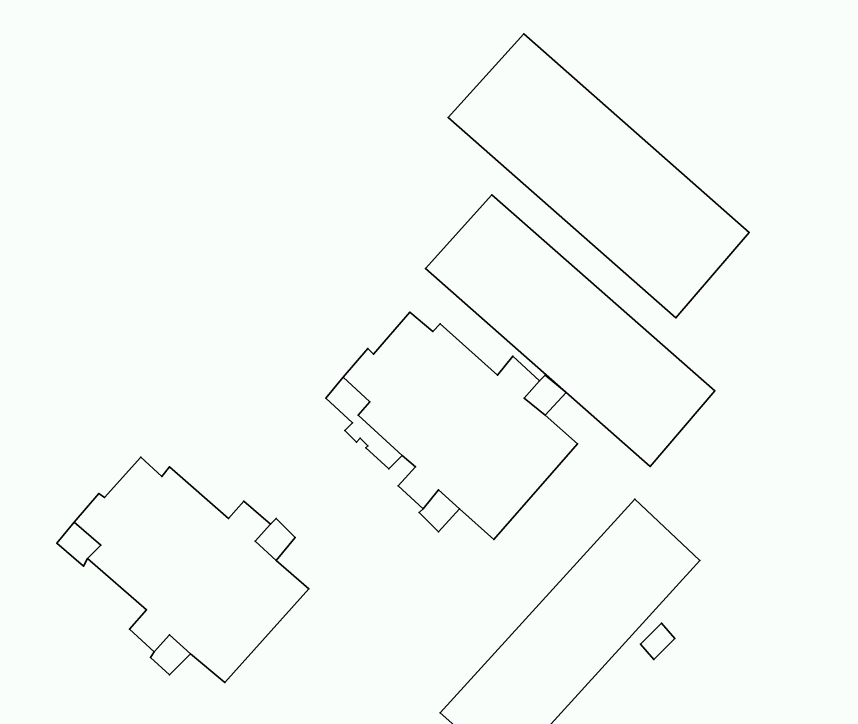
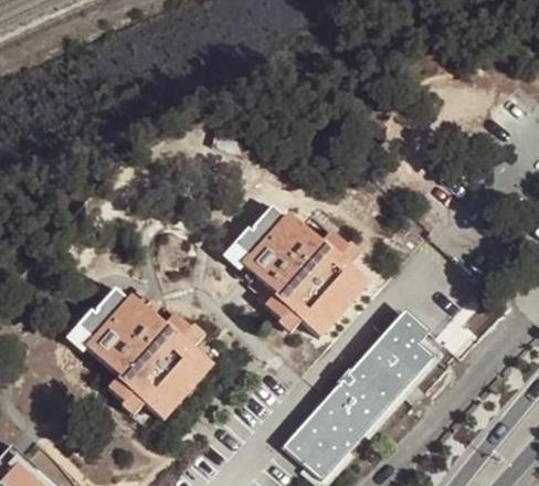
building: [448,34,749,318] -> none
building: [425,195,715,466] -> none

